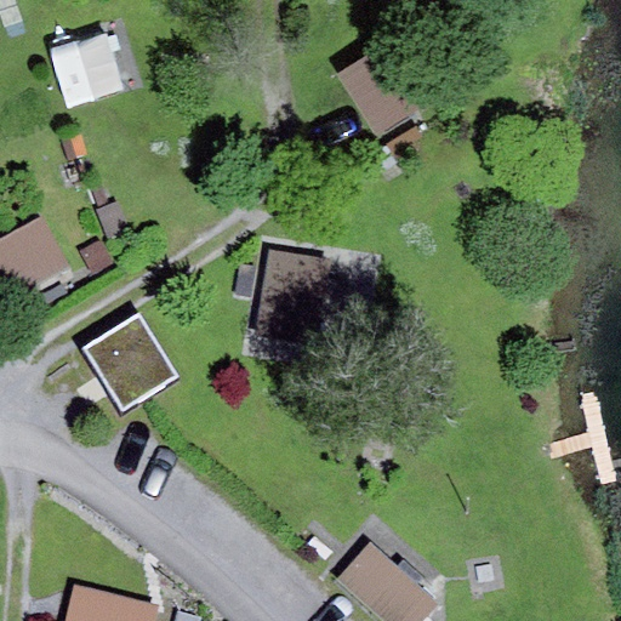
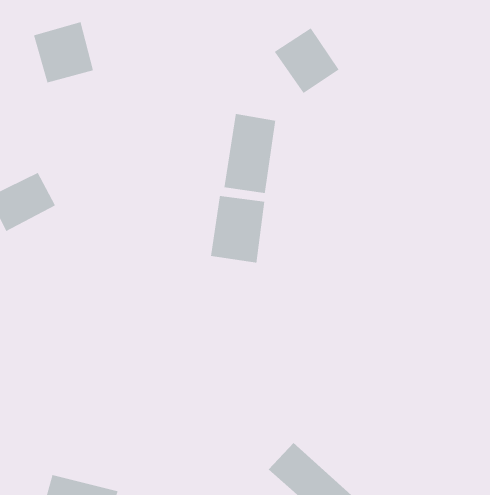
building: none -> [224,113,276,194]
building: [86,309,181,406] -> none

